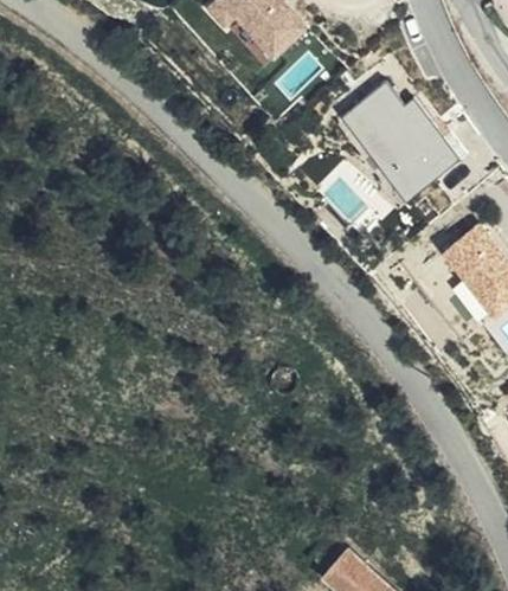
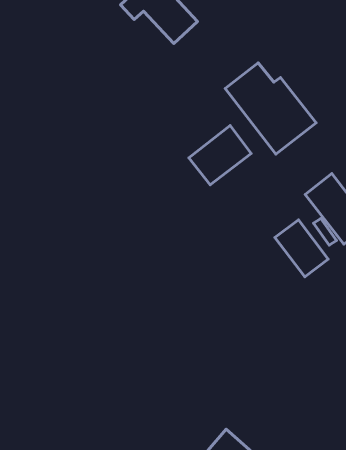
building: none -> [189,126,251,185]
building: none -> [275,220,328,277]

